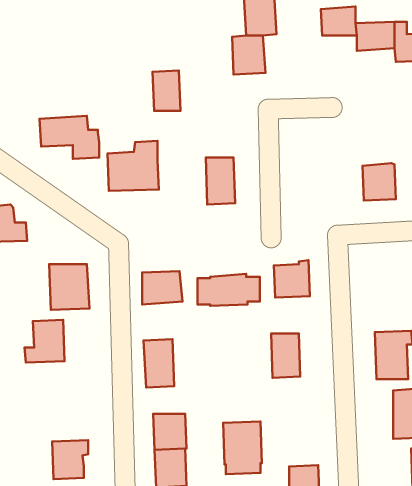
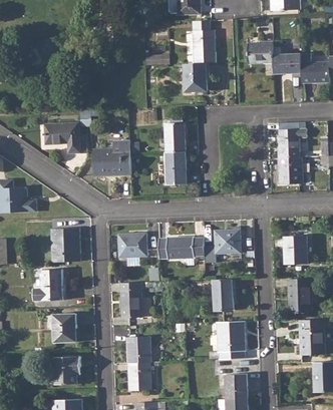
building: [153,71,180,111] -> [165,122,186,151]
building: none -> [278,127,307,157]
building: none -> [286,235,307,264]
building: none -> [53,314,77,342]
building: [223,421,262,474] -> [218,321,246,359]

